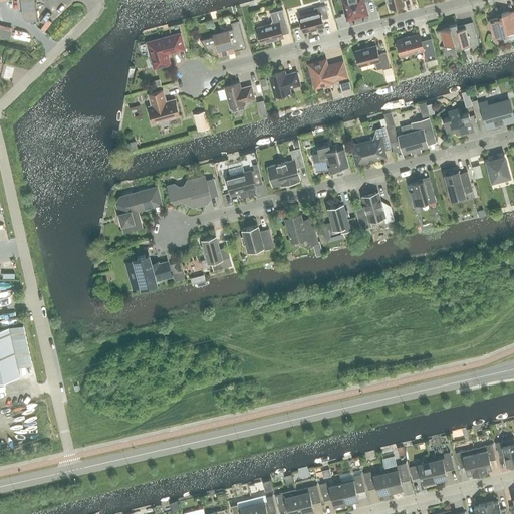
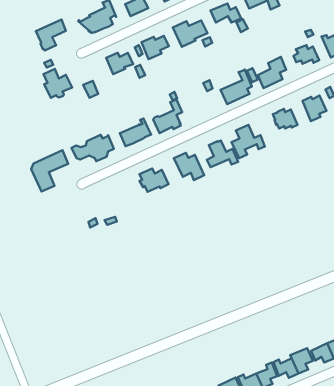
building: [310,145,345,173] -> none
building: [203,237,231,268] -> none
building: [127,256,172,288] -> none

